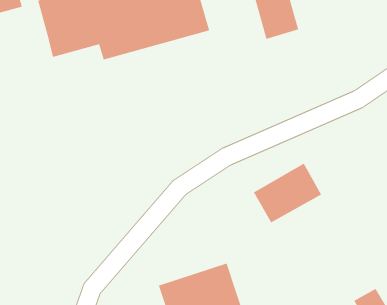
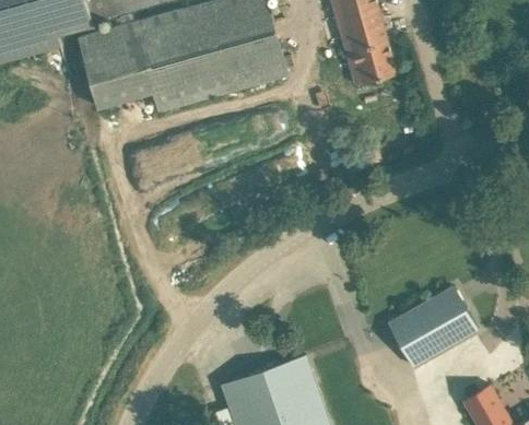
building: [253,162,322,224] -> [390,288,474,363]

